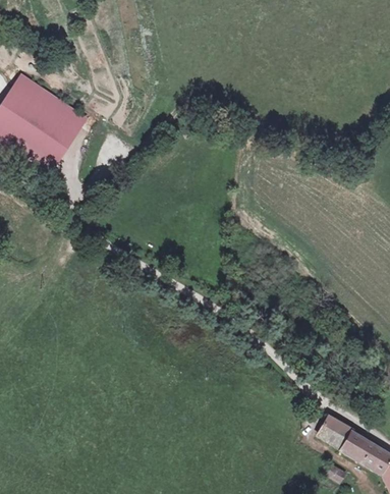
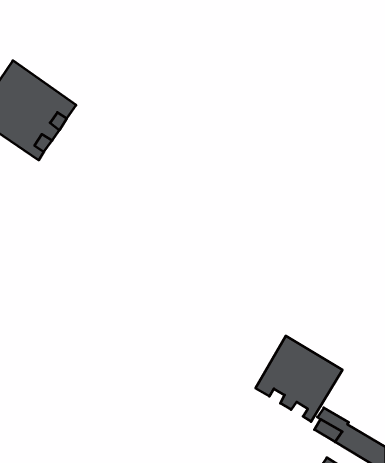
building: none -> [256,336,342,422]

